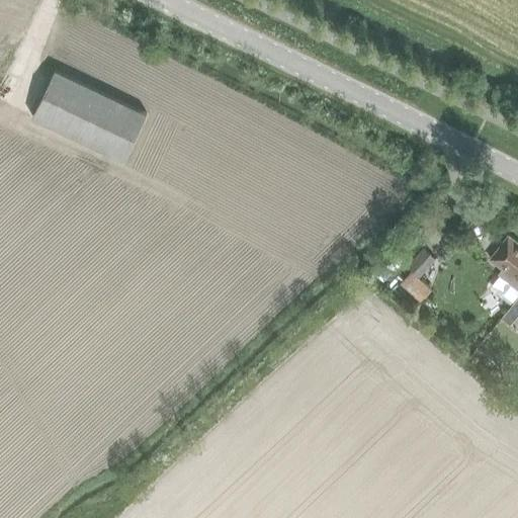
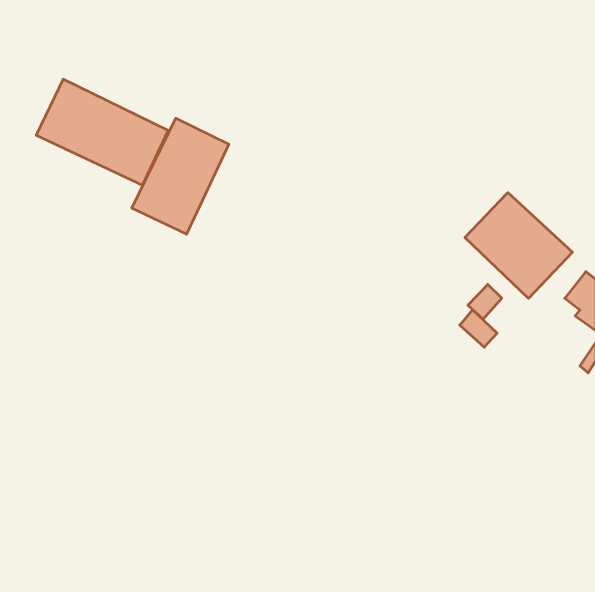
building: none -> [132,118,229,234]
building: none -> [465,193,572,298]

